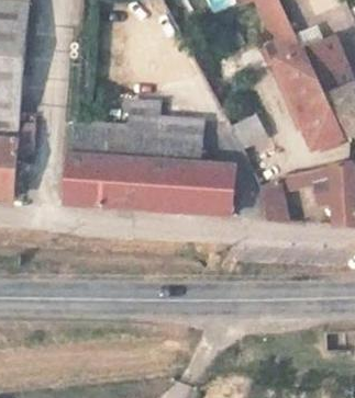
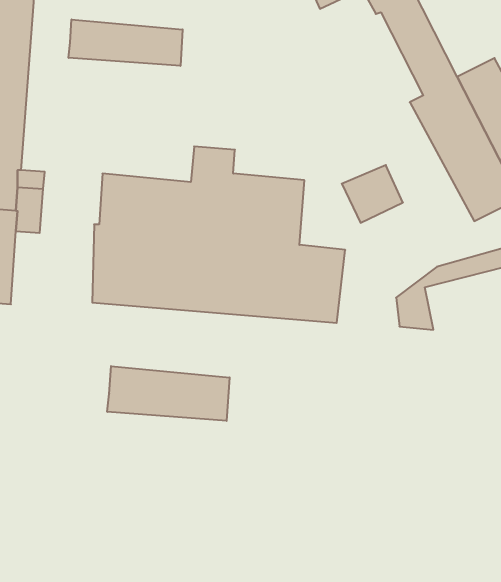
building: none -> [69,19,183,66]
building: none -> [107,366,230,421]

